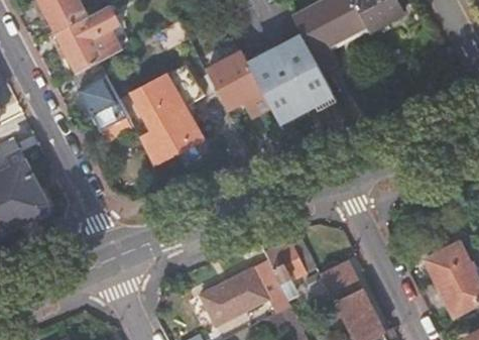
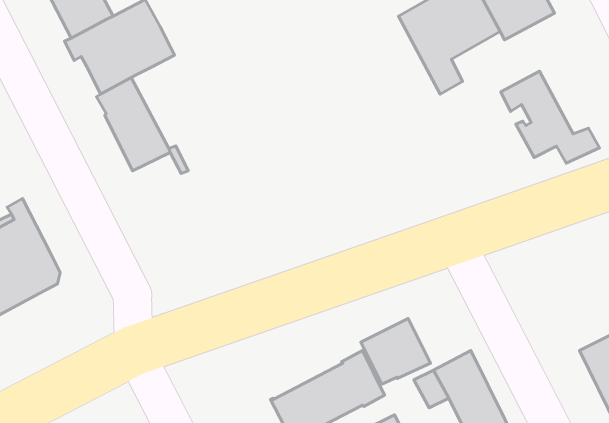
building: [206,50,271,115] -> none
building: [268,50,340,117] -> [501,71,600,163]
building: [138,70,210,160] -> none

